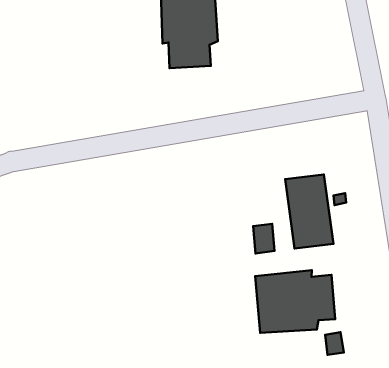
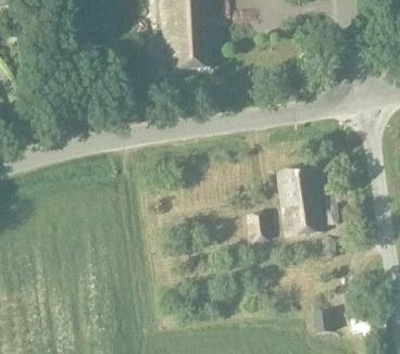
building: [255,270,335,333] -> none

